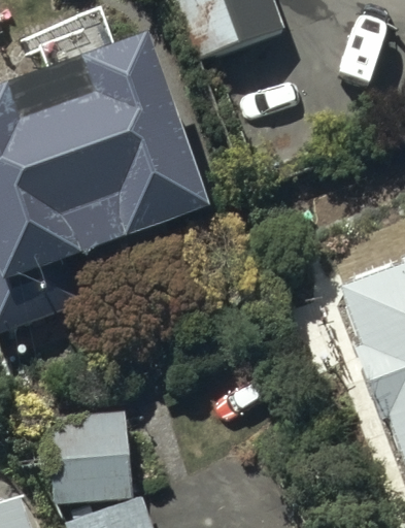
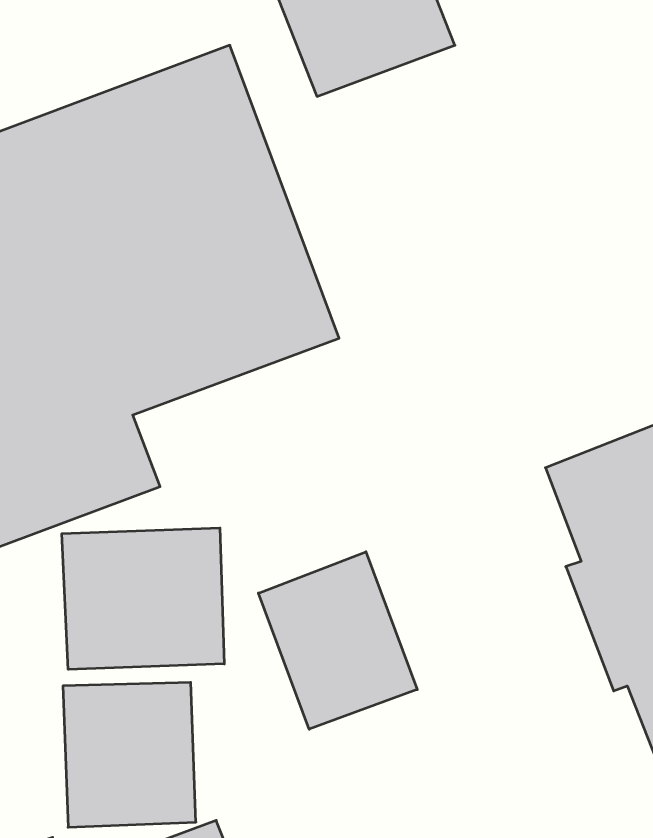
building: none -> [62,528,224,669]
building: none -> [258,552,417,729]

